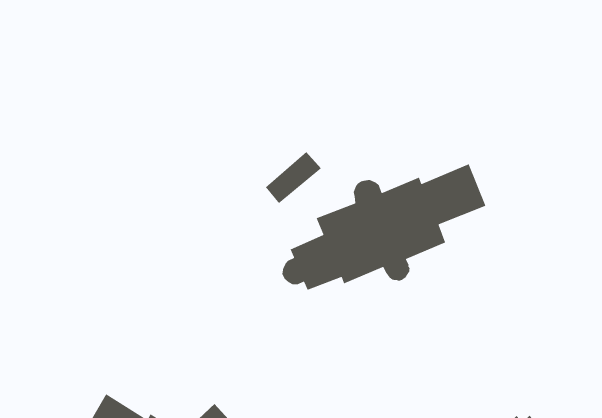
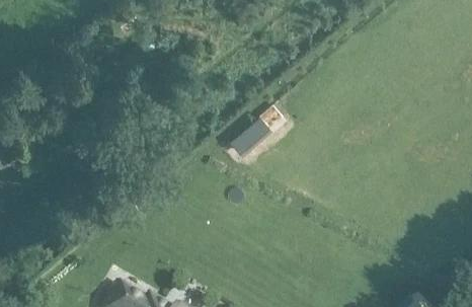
building: [282,163,487,291] -> none

